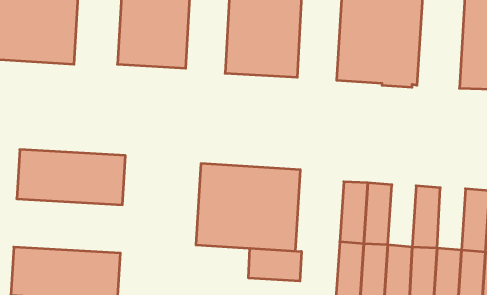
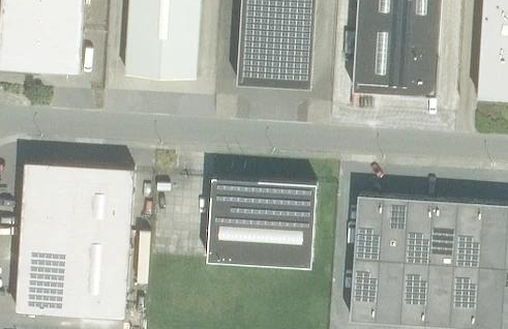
building: none -> [405,200,434,264]
building: none -> [455,203,484,267]
building: none -> [20,214,131,270]
building: [249,248,301,281] -> none

